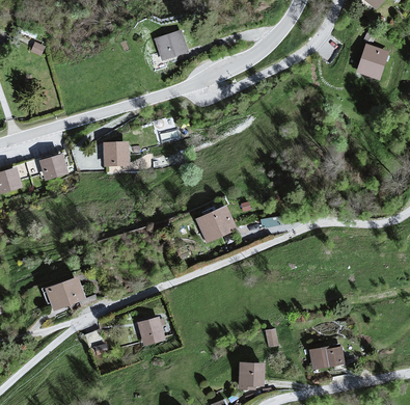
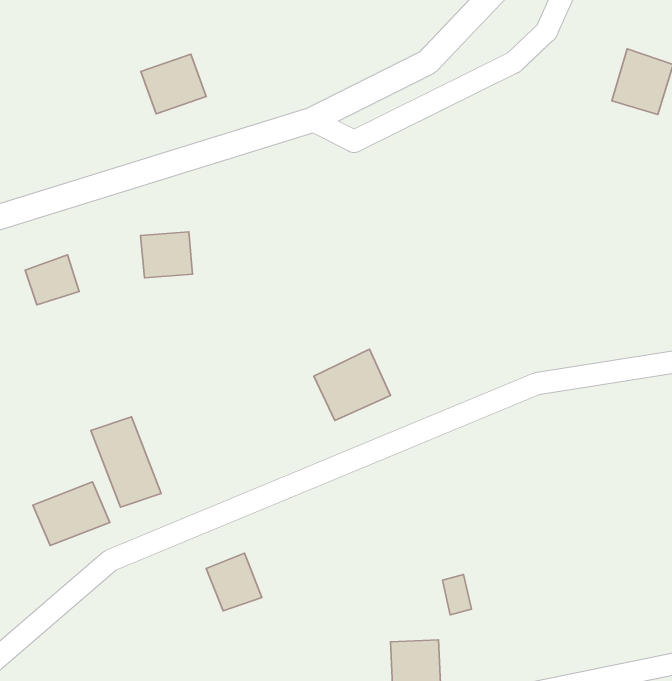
building: [153,29,188,61] -> [141,54,206,114]
building: none -> [91,417,161,507]
building: [308,343,343,369] -> none

